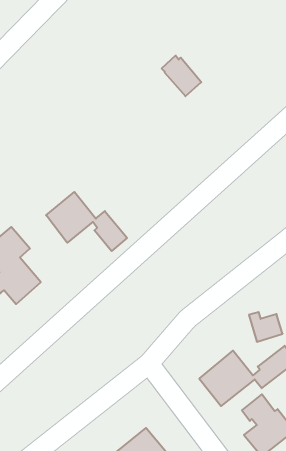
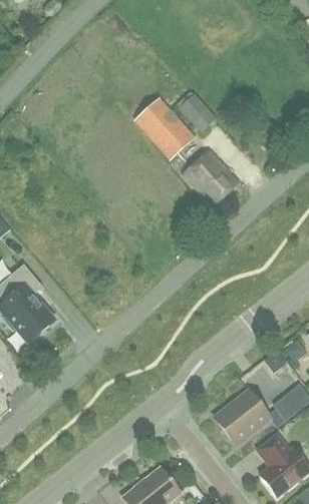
building: none -> [134,96,196,159]
building: none -> [185,150,238,204]
building: [46,192,127,251] -> none

